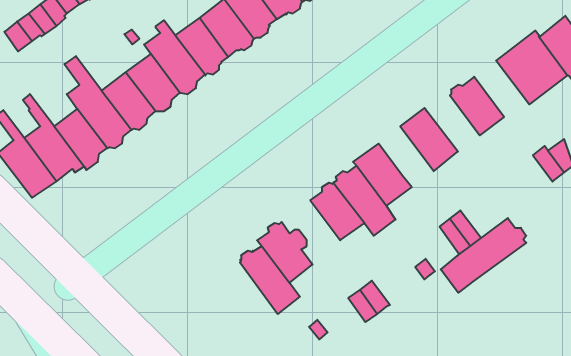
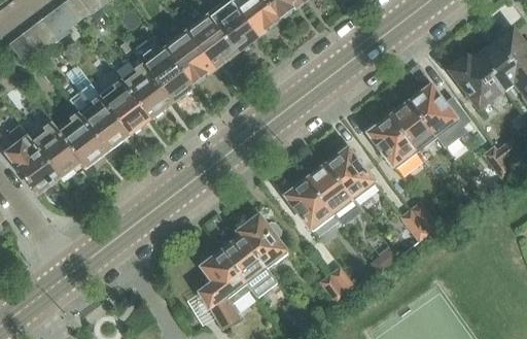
building: none -> [389,101,436,151]
building: [441,218,526,293] -> none
building: none -> [201,250,251,330]

